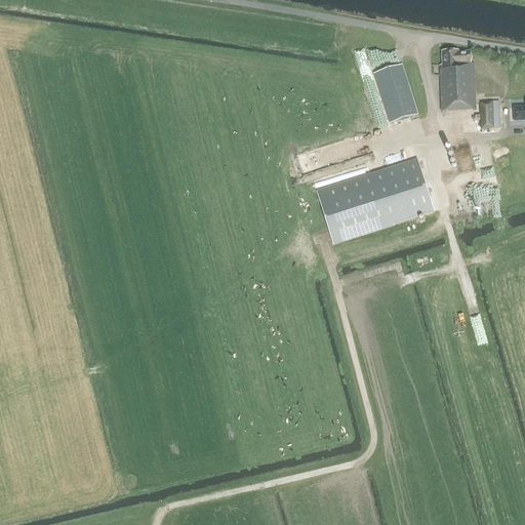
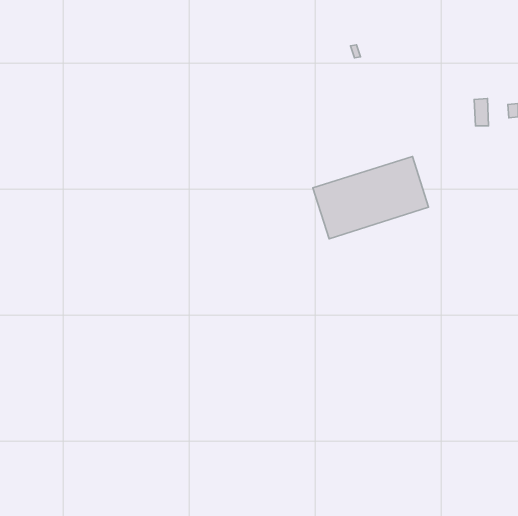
building: [439,48,475,110] -> none
building: [373,63,417,121] -> none

